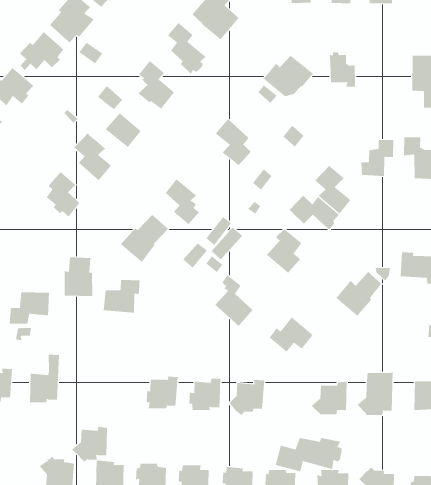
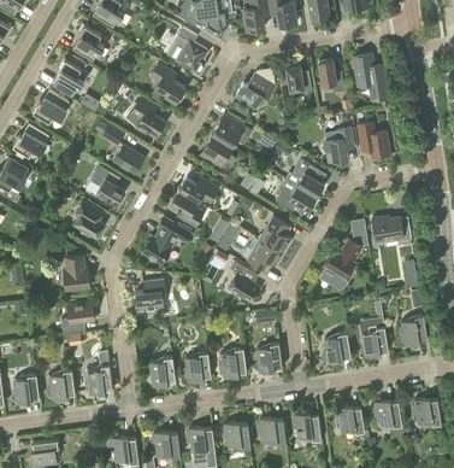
building: none -> [318,58,344,90]
building: none -> [212,119,252,146]
building: none -> [178,176,218,200]
building: [64,257,93,296] -> [63,255,90,289]
building: [269,317,314,353] -> [247,239,283,269]
building: [71,426,108,462] -> [146,356,176,387]
building: [275,437,342,472] -> none

